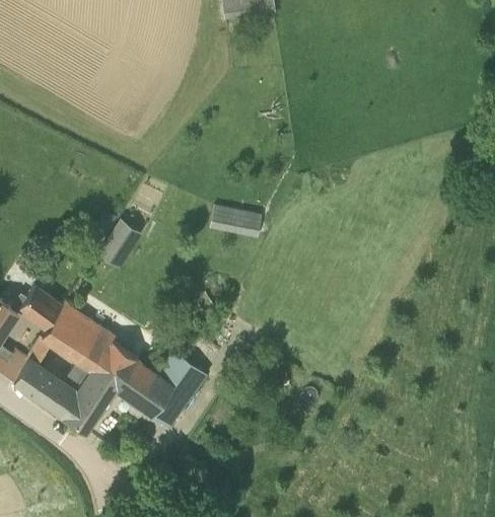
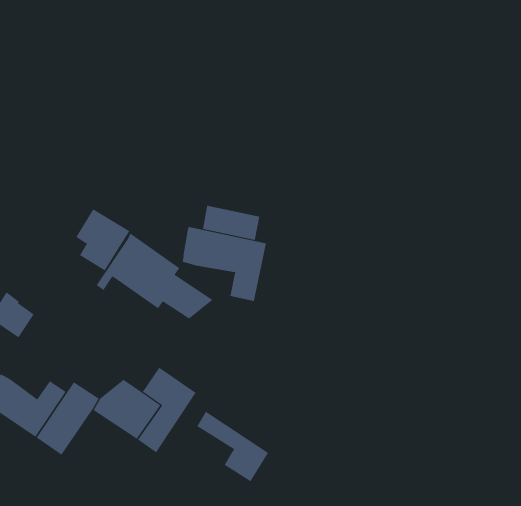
building: none -> [182,226,266,302]
building: [34,303,139,380] -> [96,233,213,319]
building: none -> [197,411,269,482]

